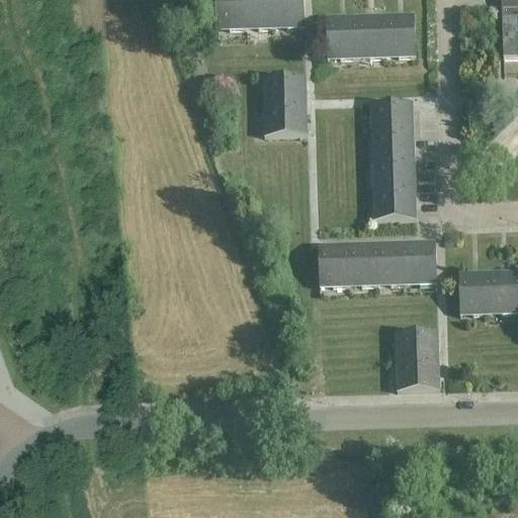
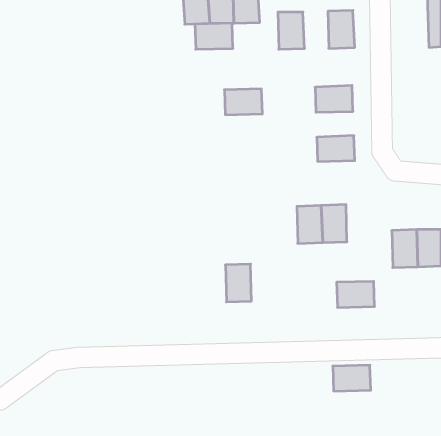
building: [355,13,385,57] -> none
building: [262,75,307,105] -> [195,23,233,49]
building: [370,131,415,161] -> none
building: [372,188,417,219] -> none
building: [406,239,437,283] -> none
building: [319,242,349,286] -> [225,264,251,302]
building: [396,359,440,390] -> [333,365,371,391]

